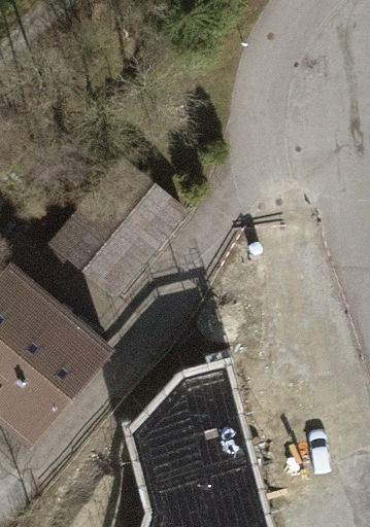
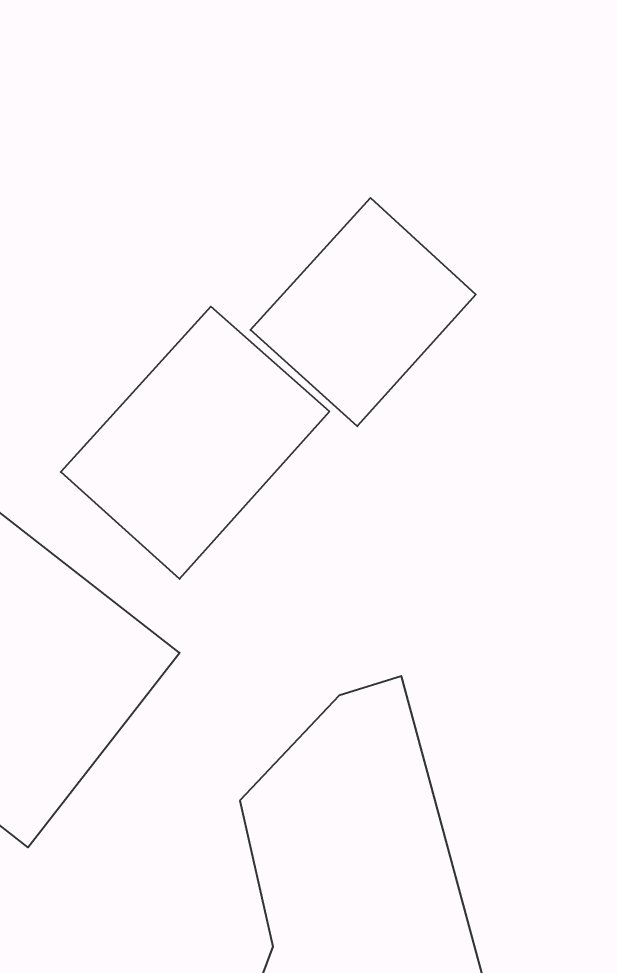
building: none -> [250,198,476,426]

